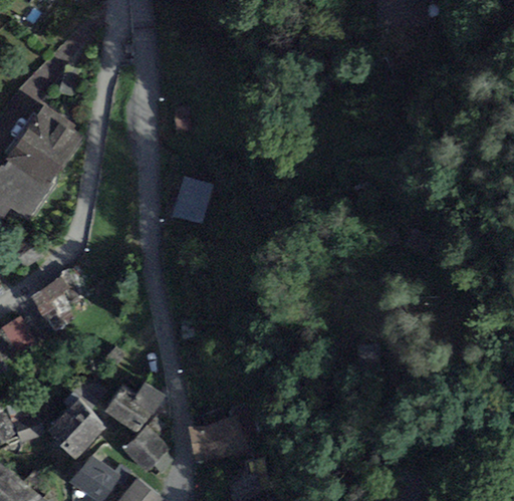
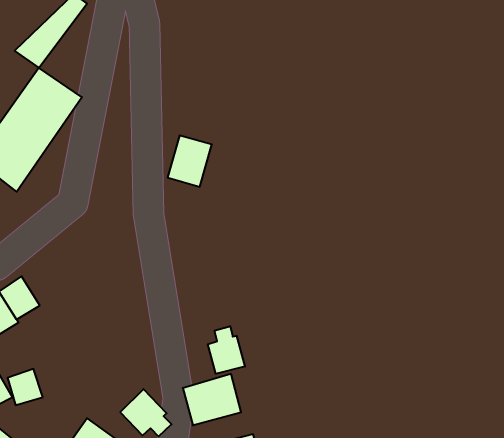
building: [29,276,82,332] -> none
building: none -> [208,326,245,374]
building: [103,383,163,433] -> none
building: [46,398,103,460] -> none

